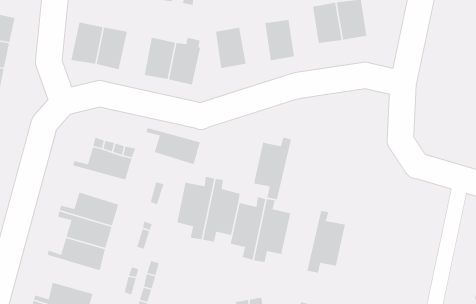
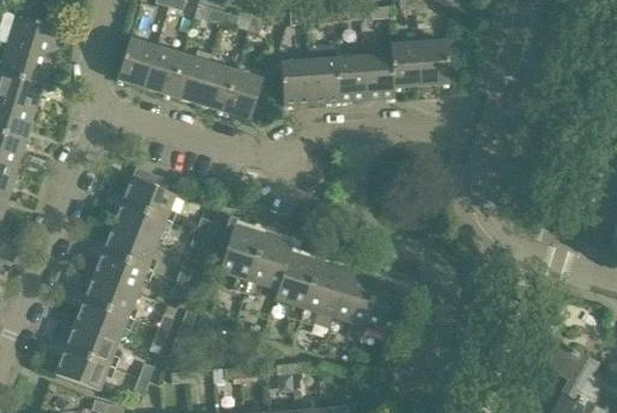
building: none -> [364,43,394,98]
building: none -> [308,57,339,101]
building: none -> [171,48,212,104]
building: [145,127,201,165] -> [106,197,167,244]
building: [253,137,292,200] -> [333,267,380,337]
building: none -> [69,293,129,341]

